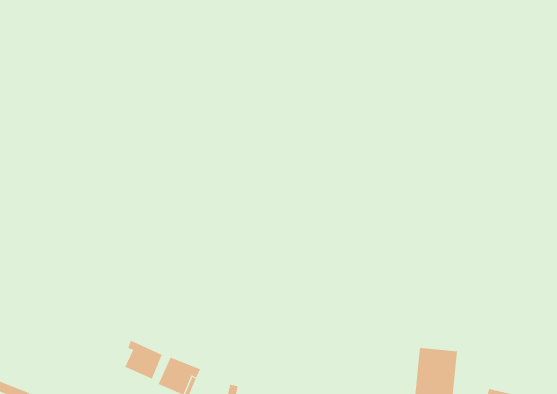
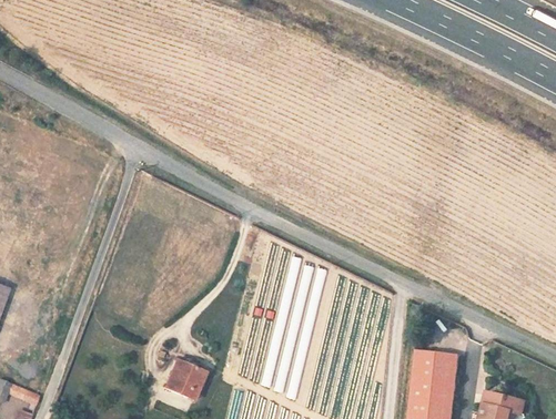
building: [125,340,162,379] -> none

